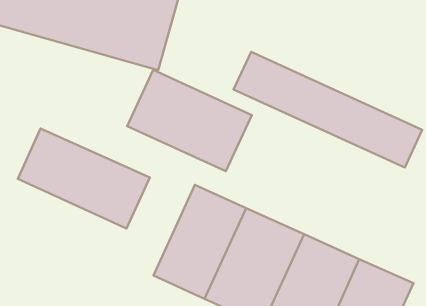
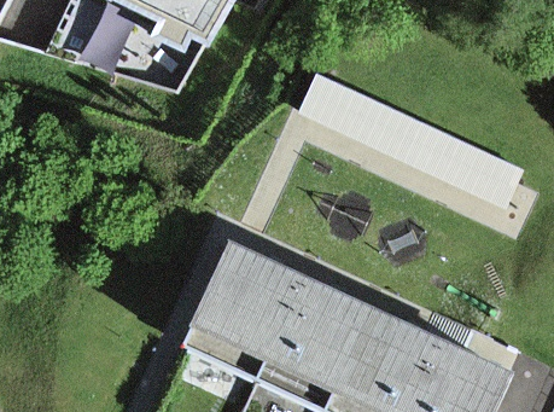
building: [127,70,252,171] -> none
building: [18,128,150,229] -> none

